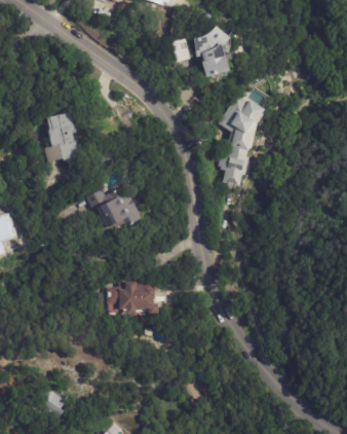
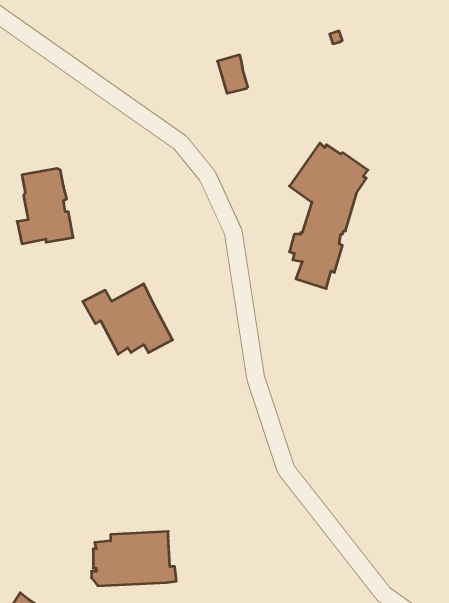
building: [194,28,231,79] -> none
building: [105,279,159,314] -> [91,531,176,586]

